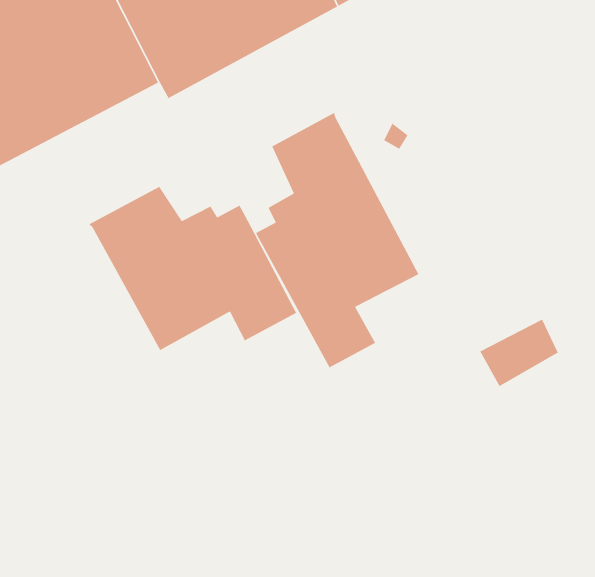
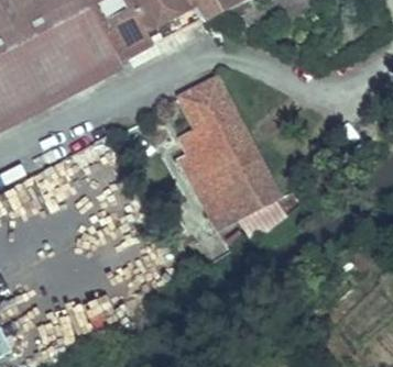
building: [88,186,297,351] -> none
building: [479,319,559,387] -> [234,174,283,215]

